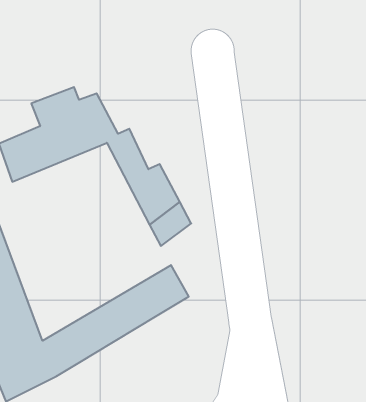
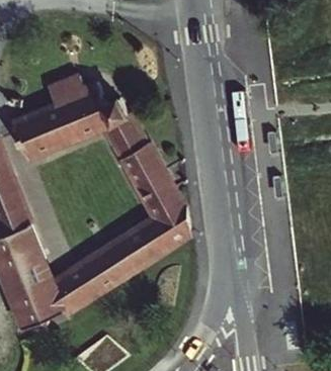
building: none -> [148,190,185,249]

